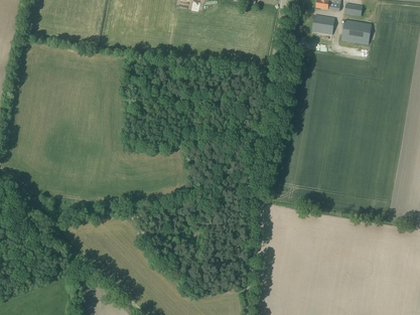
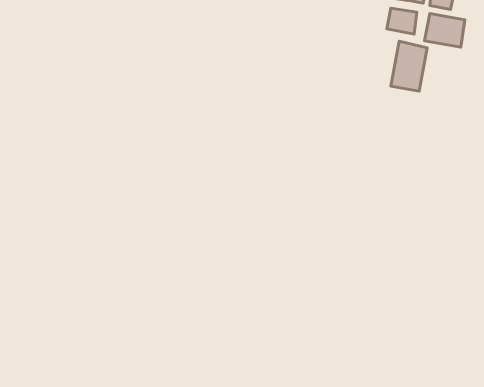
building: none -> [391,41,427,91]

